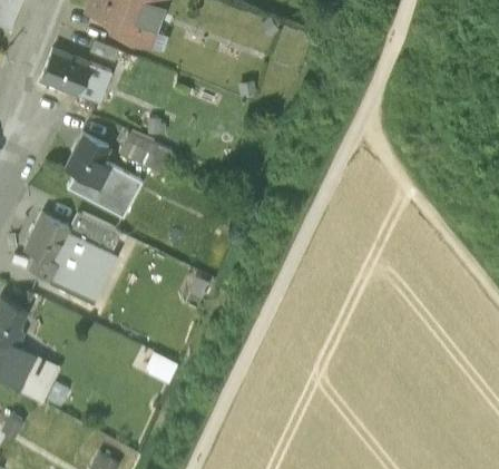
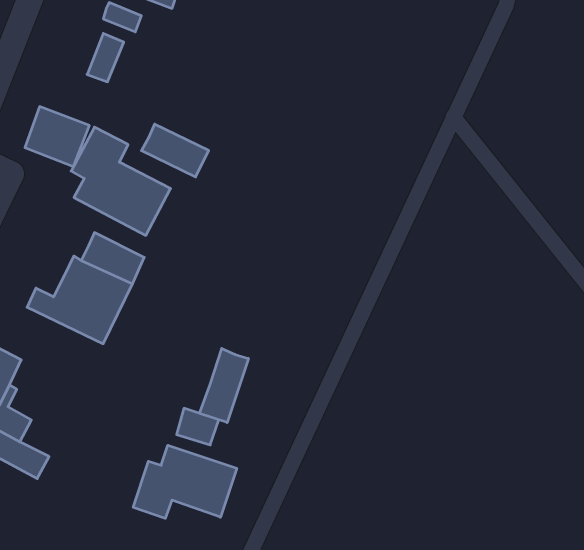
building: [41,49,90,95] -> [25,107,89,167]
building: [27,216,69,264] -> none
building: none -> [199,348,248,423]
building: none -> [133,445,237,518]

